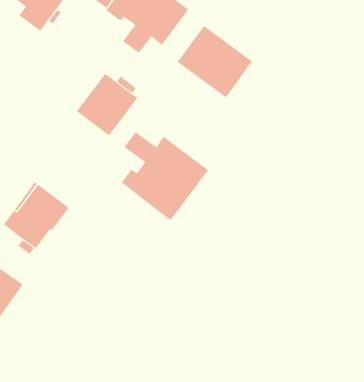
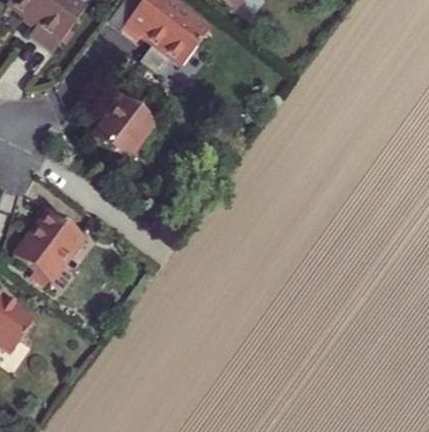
building: [177,25,253,98] -> none
building: [120,131,209,221] -> none

